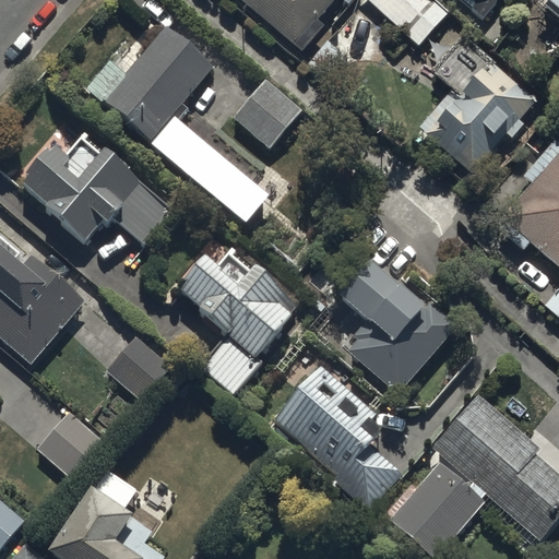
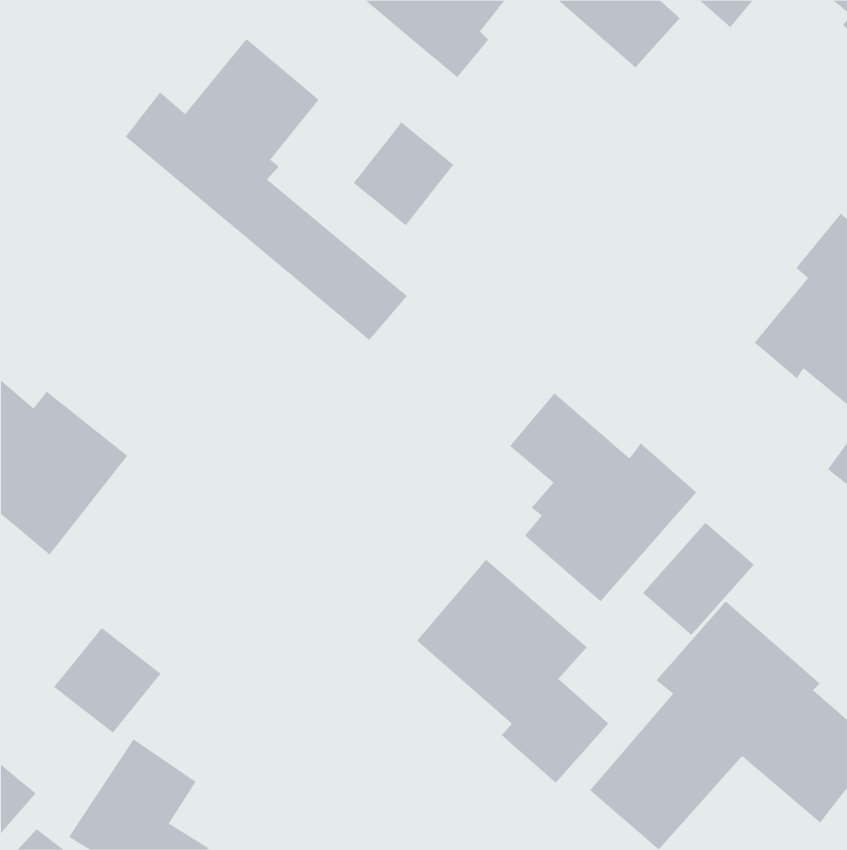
building: [419,37,533,174] -> none
building: [21,136,171,243] -> none
building: [174,252,299,396] -> none
building: [107,337,171,402] -> none
building: none -> [642,522,755,636]

